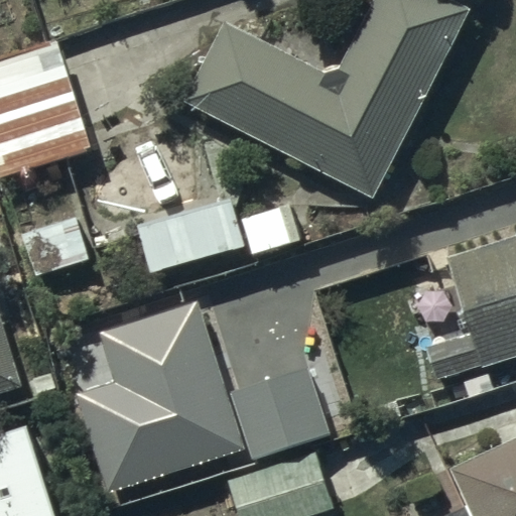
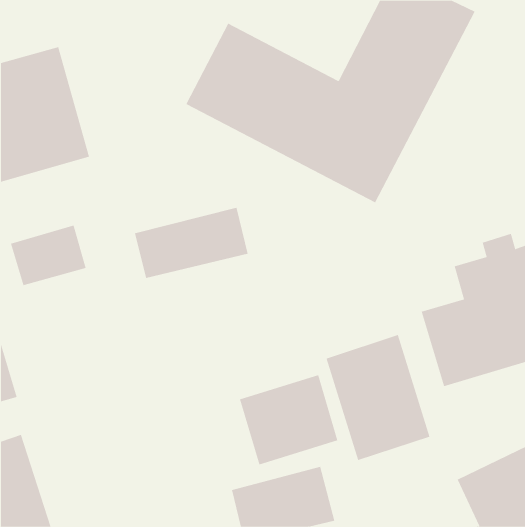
building: [80,296,249,490] -> none
building: none -> [326,334,430,461]

